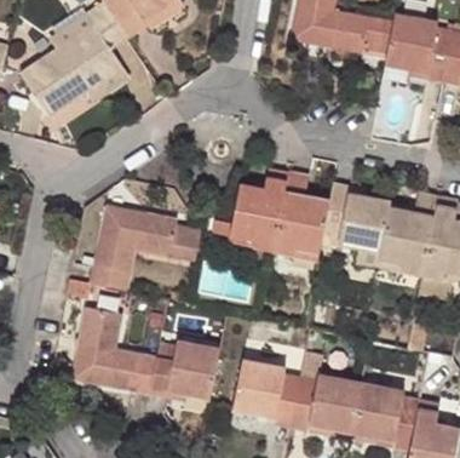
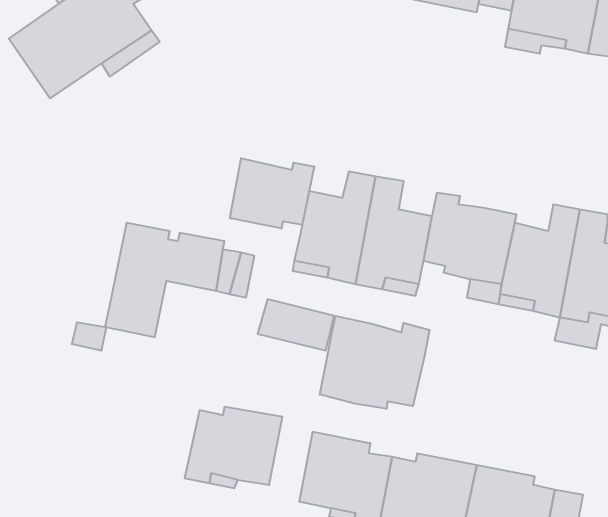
building: none -> [230,158,314,229]
building: none -> [320,316,430,409]
building: [71,307,154,391] -> none

